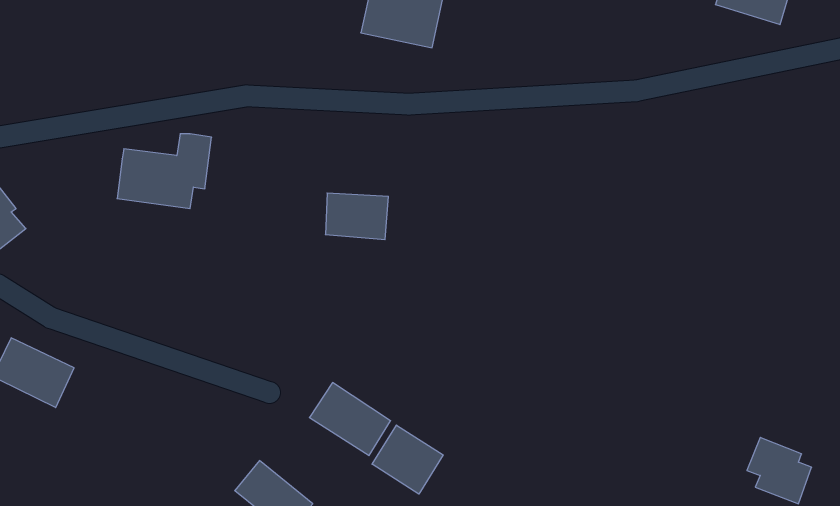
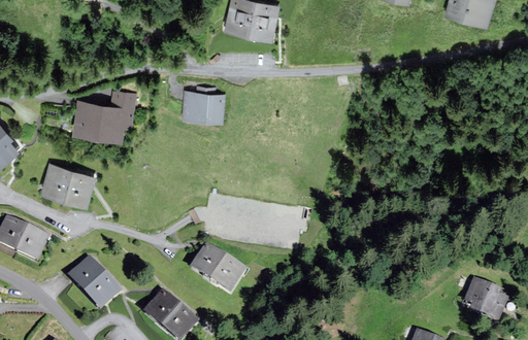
building: [325,193,388,240] -> [185,93,224,122]
building: none -> [43,165,93,204]
building: none -> [70,261,120,311]
building: [372,425,443,494] -> none

